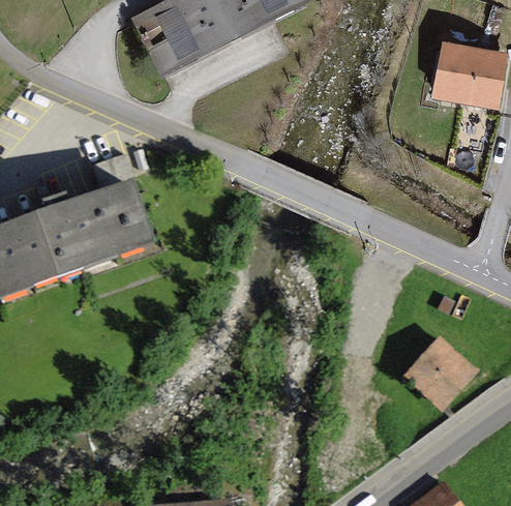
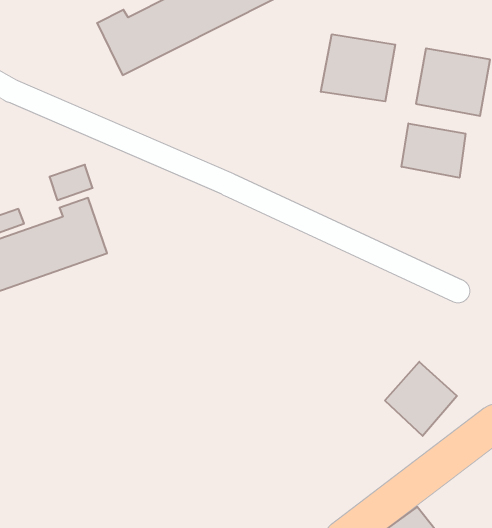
building: none -> [321,34,395,101]
building: none -> [402,123,465,178]

